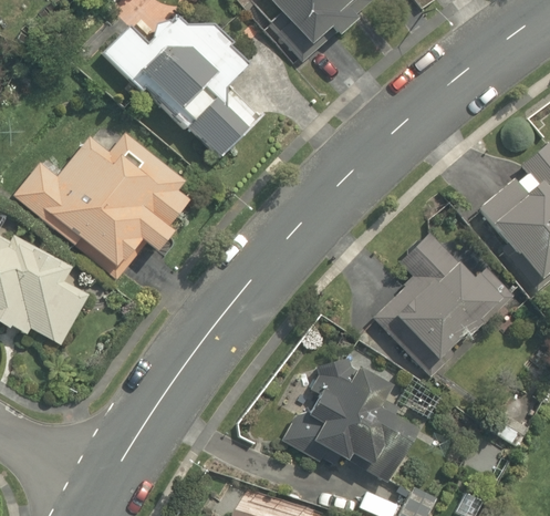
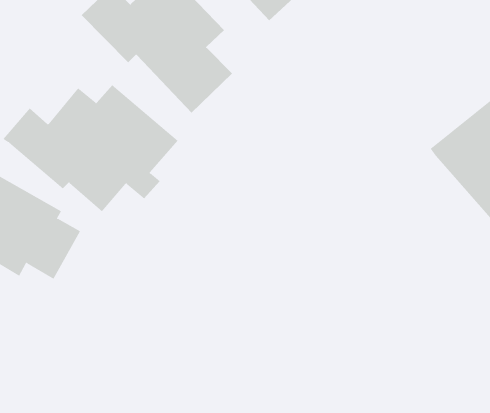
building: [367,217,517,379] -> none
building: [279,365,423,485] -> none

